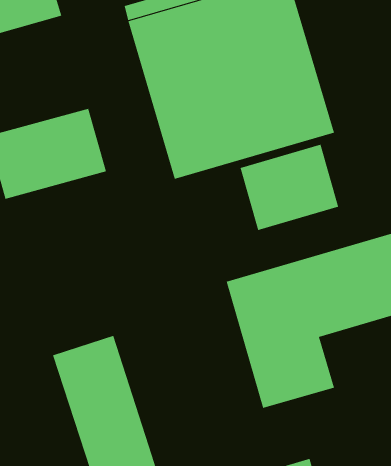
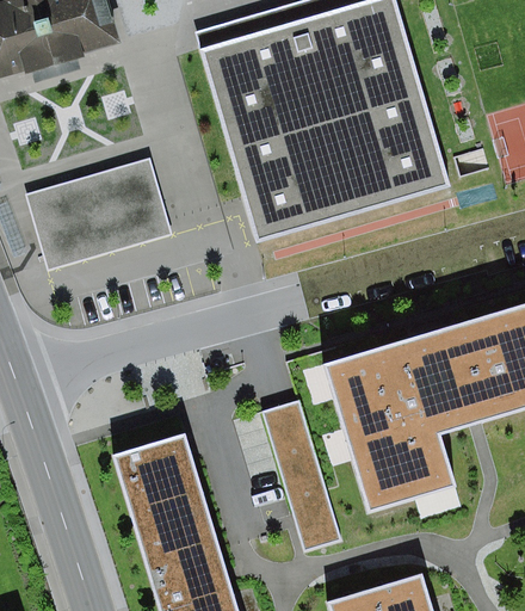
building: [240,144,339,231] -> none
building: none -> [262,402,339,550]

